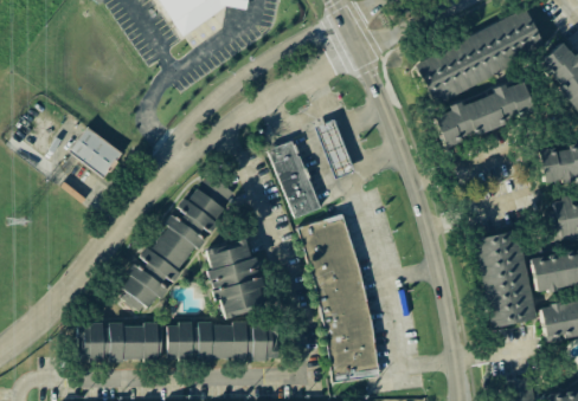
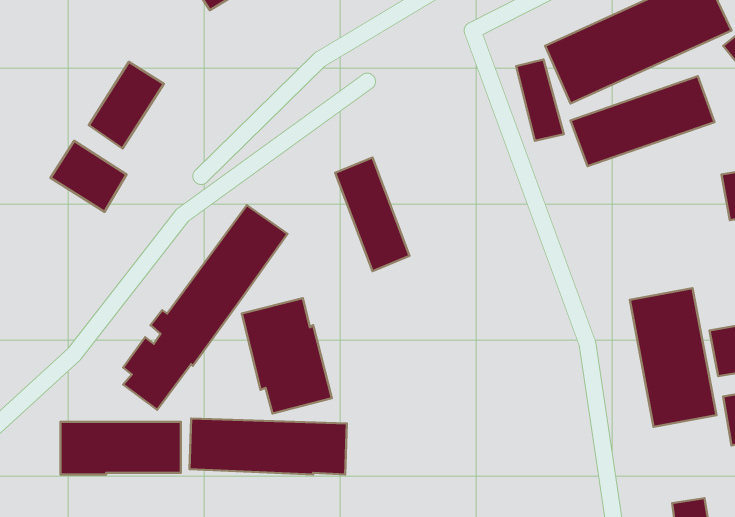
building: none -> [89,62,164,149]
building: [319,121,352,177] -> [516,60,564,141]
building: [303,216,375,382] -> none

